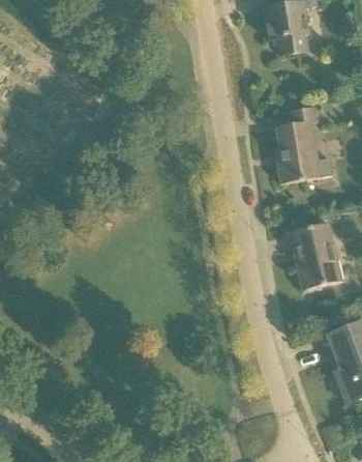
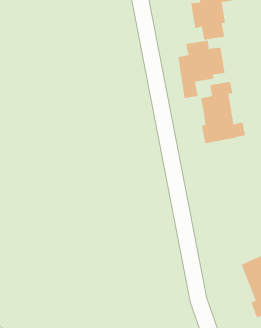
building: none -> [178,40,225,99]
building: [289,223,342,290] -> none

